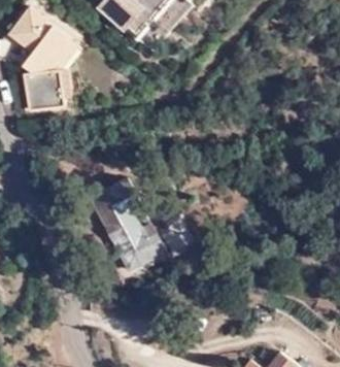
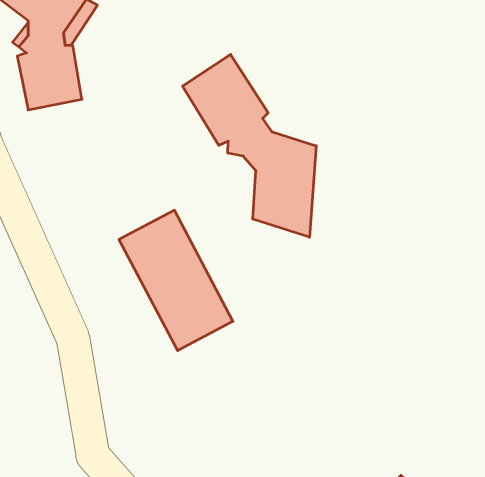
building: none -> [183,54,316,237]

